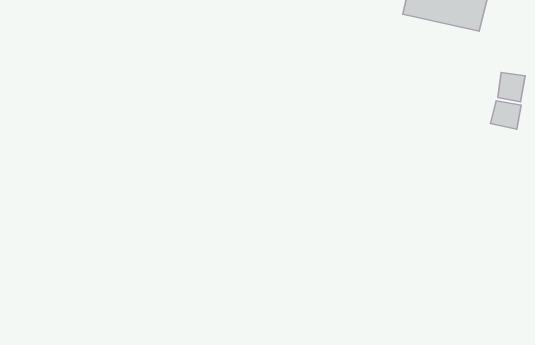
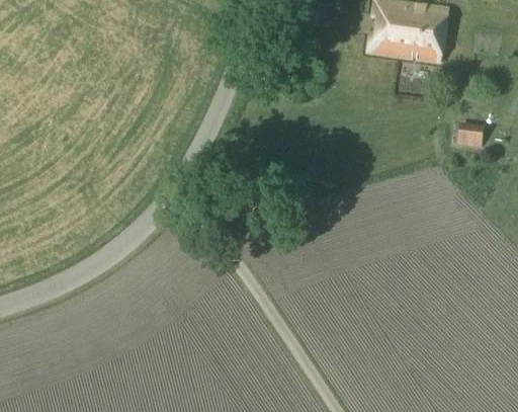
building: [498,72,525,102] -> none

